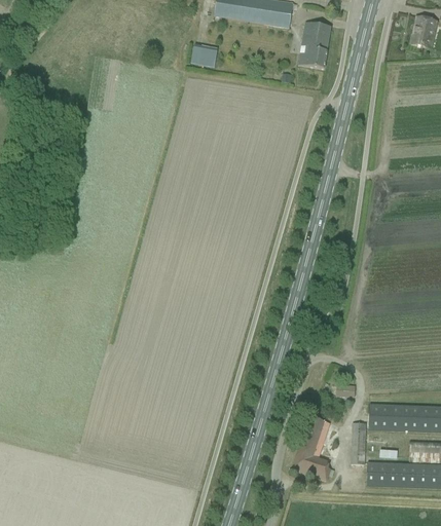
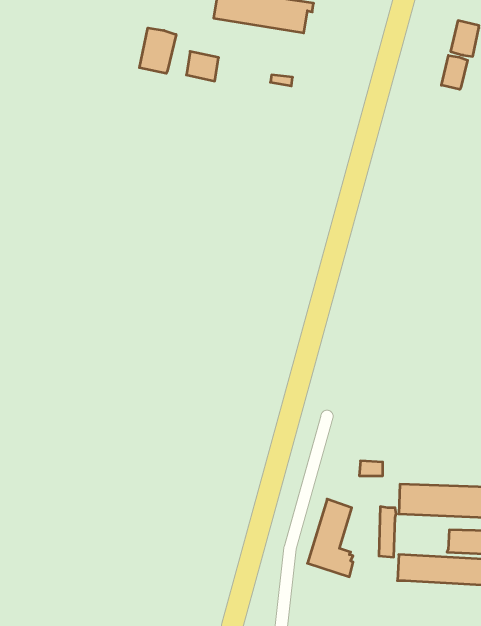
building: [298,22,331,69] -> none
building: none -> [139,28,176,73]
building: none -> [441,55,468,89]

